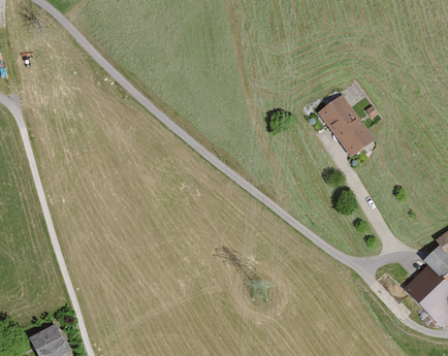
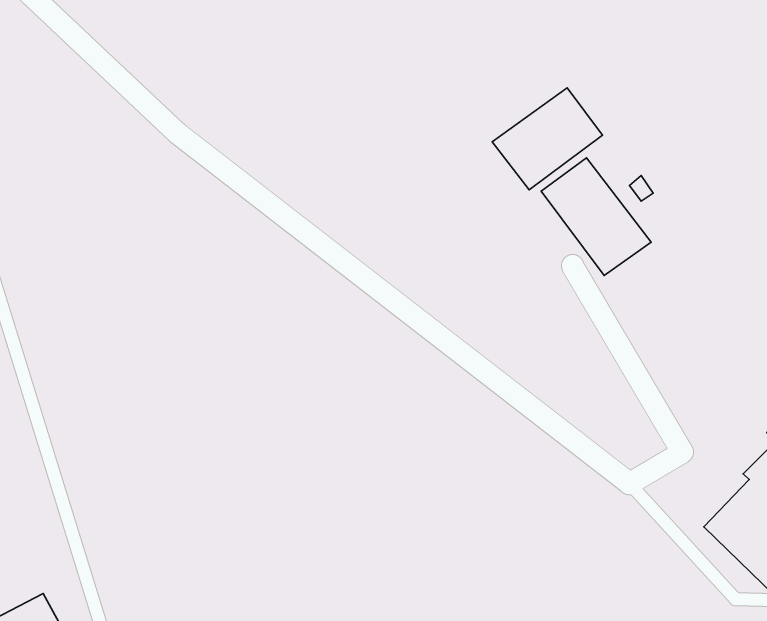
building: none -> [492,88,602,190]

